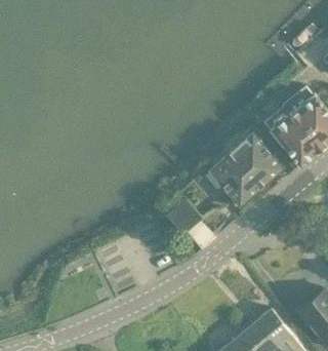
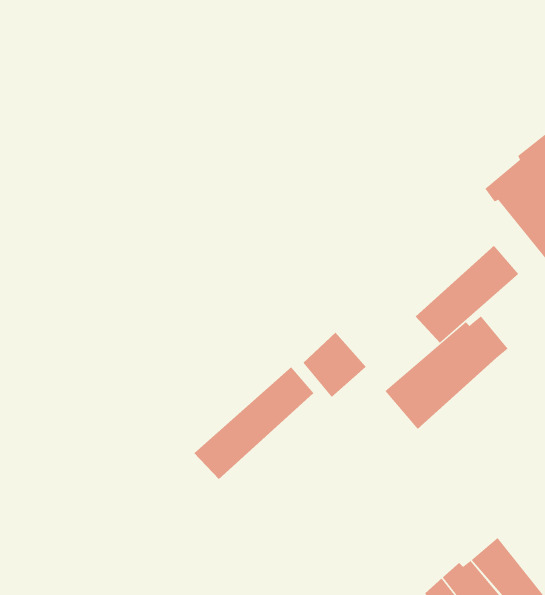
building: [209,130,275,191] -> [384,316,508,430]
building: none -> [194,366,314,480]

